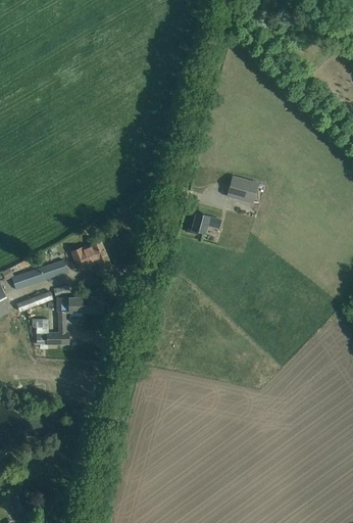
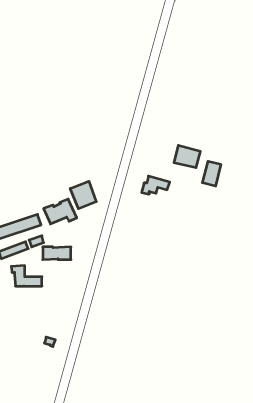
building: none -> [202,161,221,186]
building: none -> [70,181,96,209]

